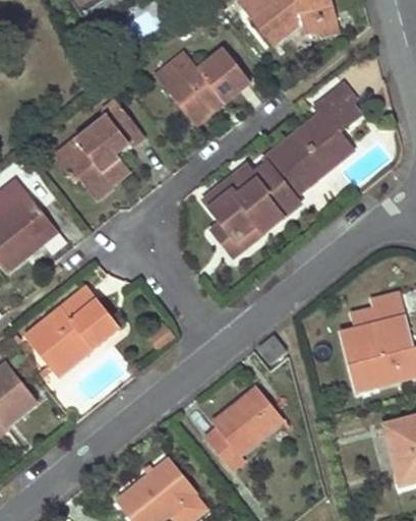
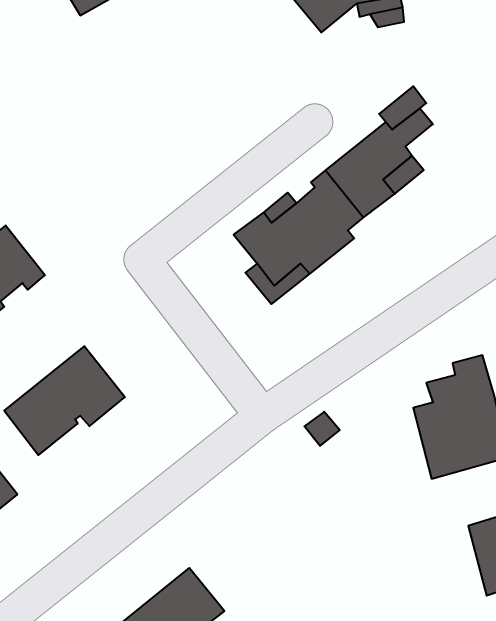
building: [164,49,249,119] -> none
building: [61,98,144,193] -> none
building: [205,389,283,469] -> none

